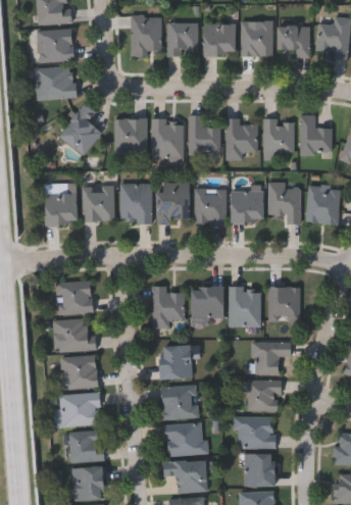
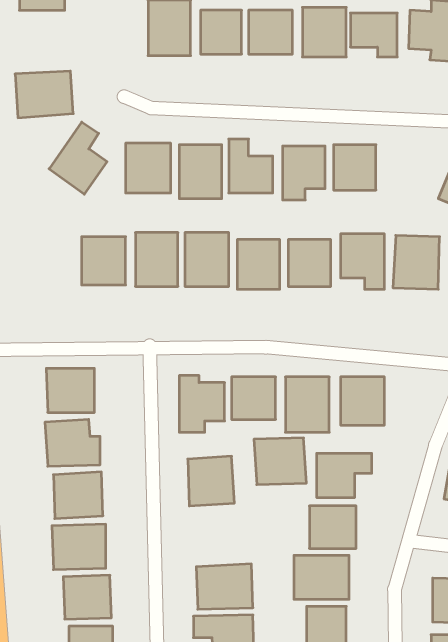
building: [37,29,73,63] -> none
building: [300,116,331,155] -> none
building: [43,184,76,224] -> none
building: [160,386,198,419] -> [254,438,306,485]

